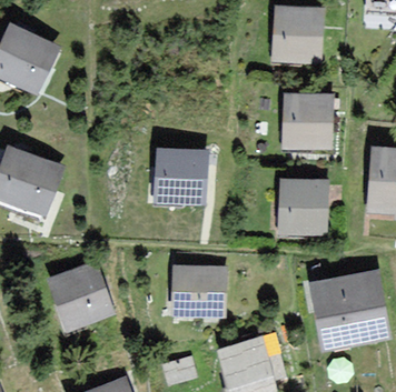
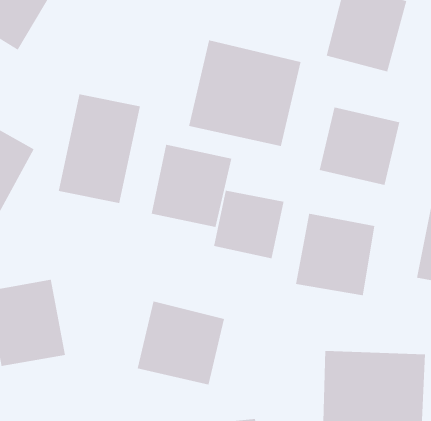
building: none -> [188,39,301,147]
building: none -> [58,94,140,204]
building: none -> [213,190,284,259]

